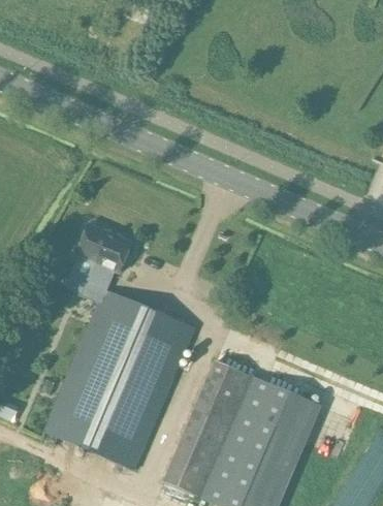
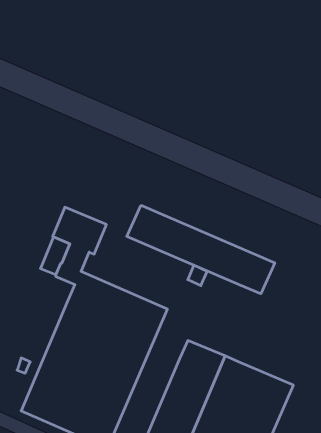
building: none -> [127,206,275,294]

